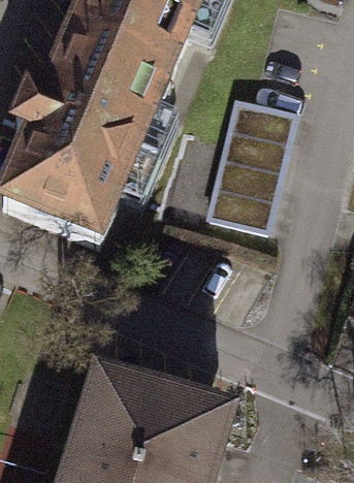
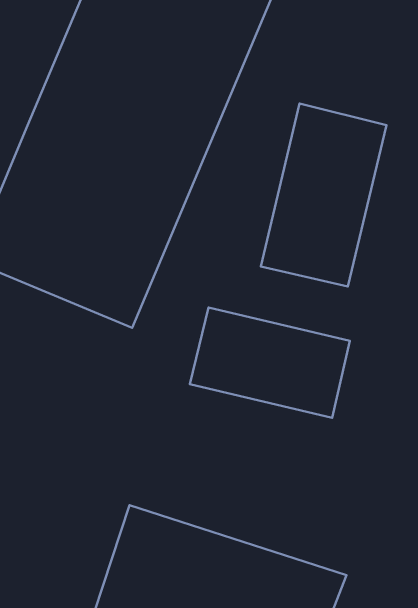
building: none -> [190,308,350,418]

